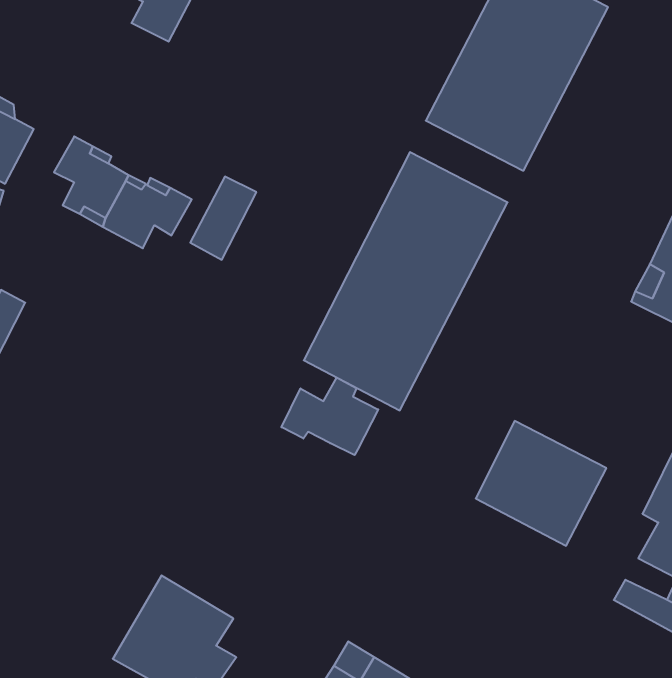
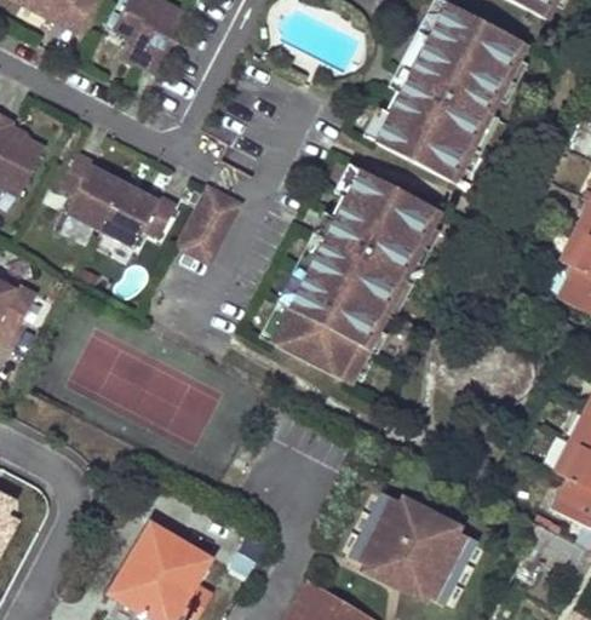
building: [281,377,378,455] -> none
building: [476,421,606,546] -> [357,495,467,601]

